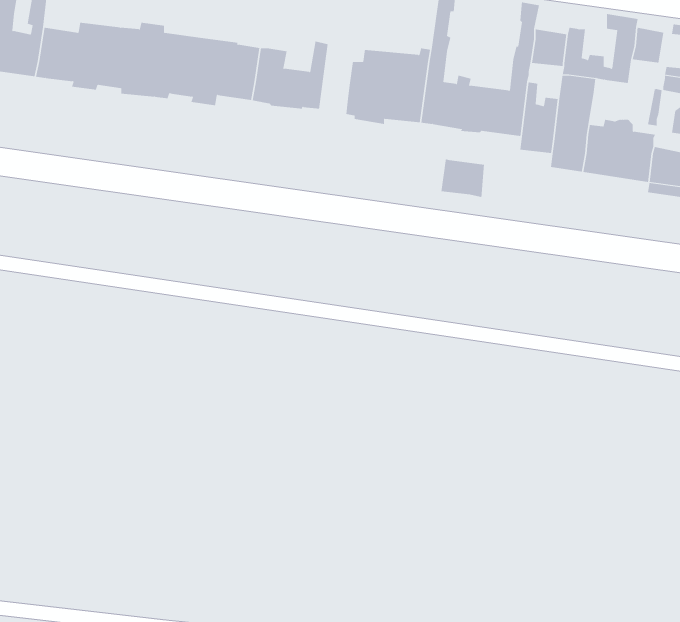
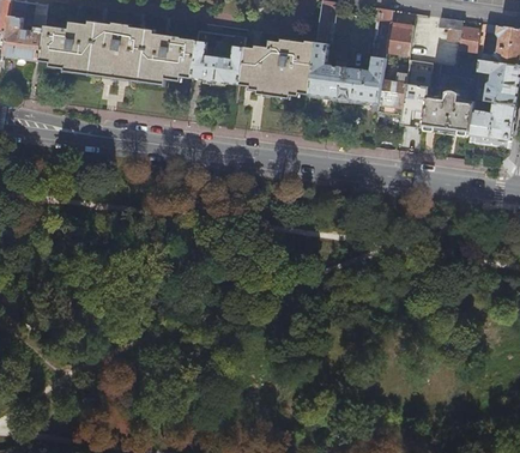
building: none -> [237,46,260,86]
building: [441,159,484,198] -> none

